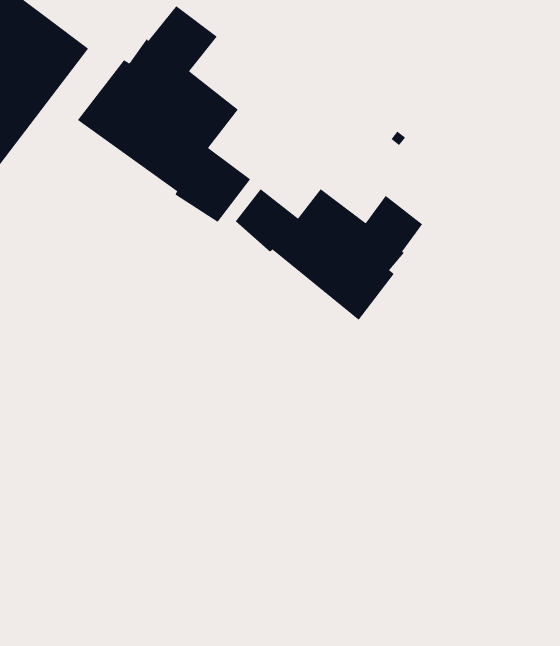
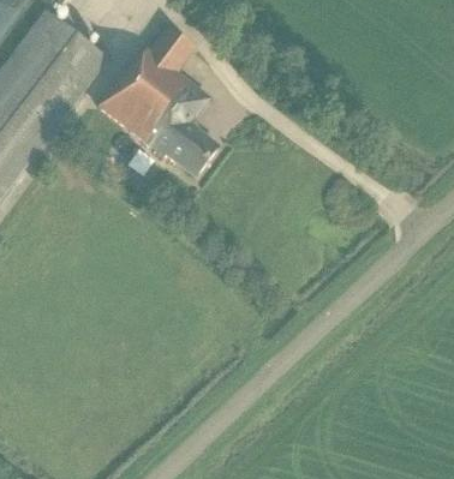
building: [235,188,423,321] -> none

